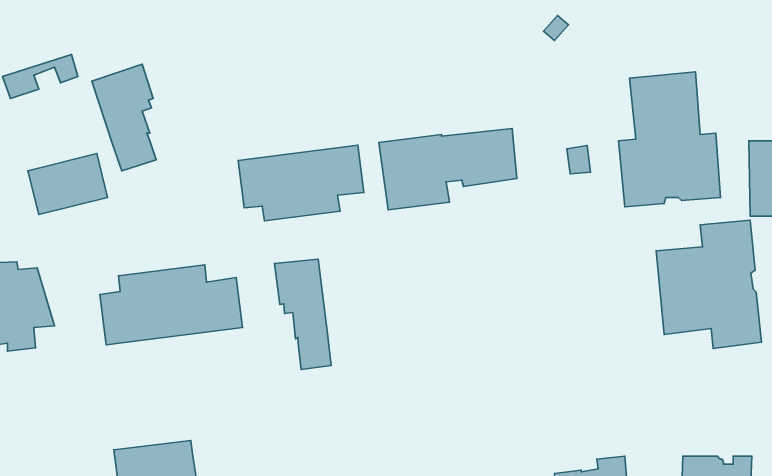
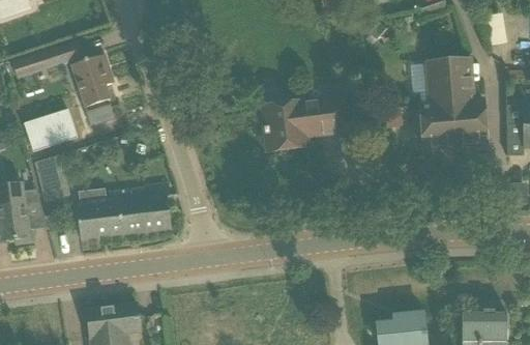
building: [238,145,364,221] -> none
building: none -> [33,156,59,200]
building: [656,220,761,348] -> none
building: [274,259,331,369] -> none

